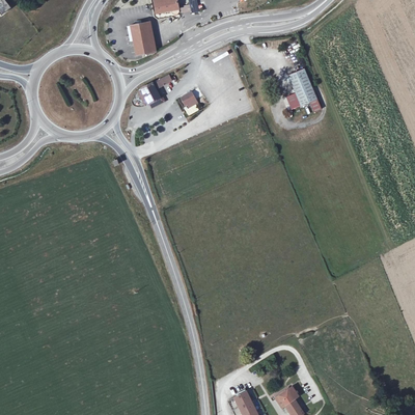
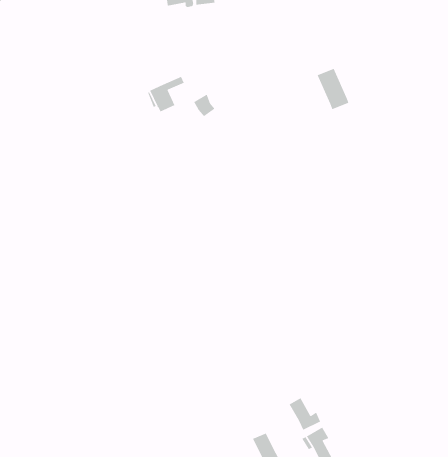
building: [131,22,154,55] -> none
building: none -> [289,397,321,431]

